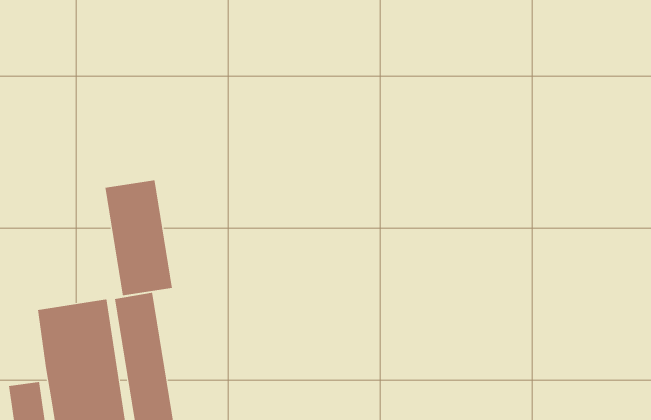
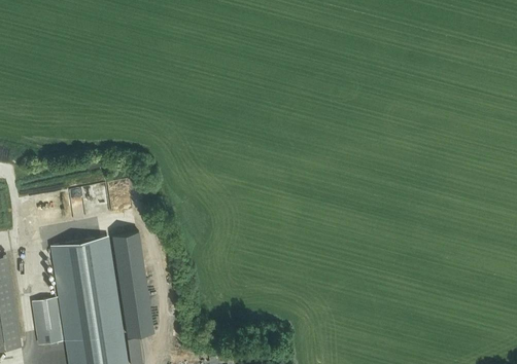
building: [105,179,173,296] -> none

